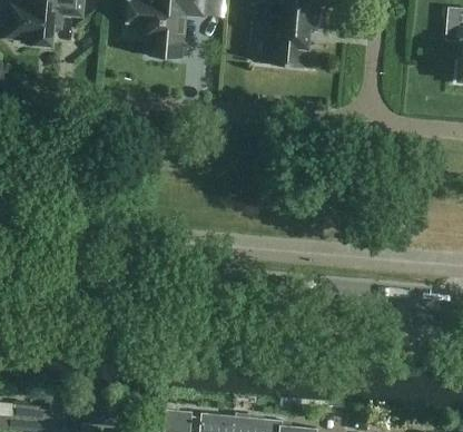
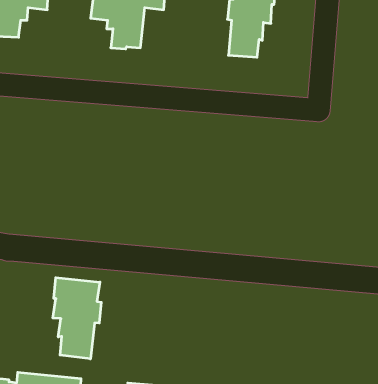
building: none -> [53,278,101,359]

